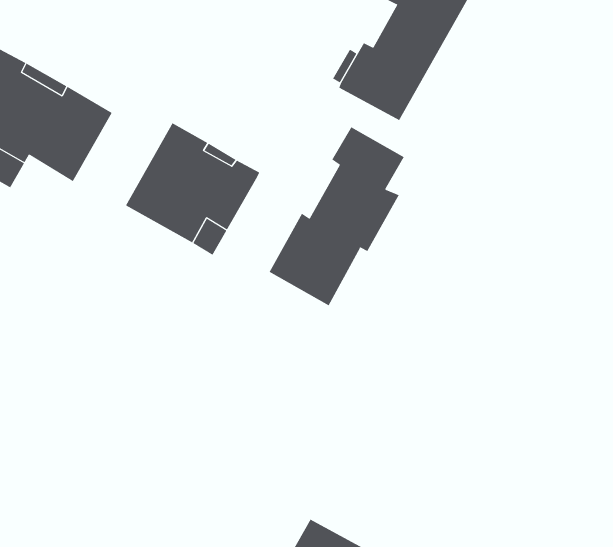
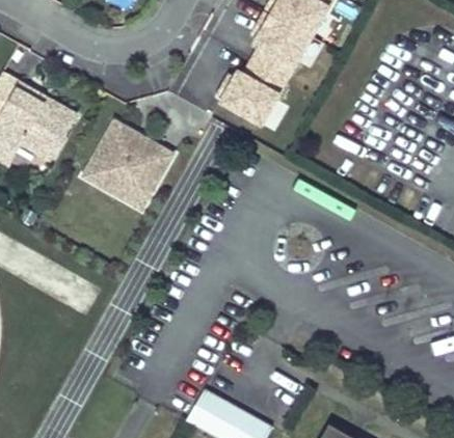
building: [269,126,404,306] -> none

